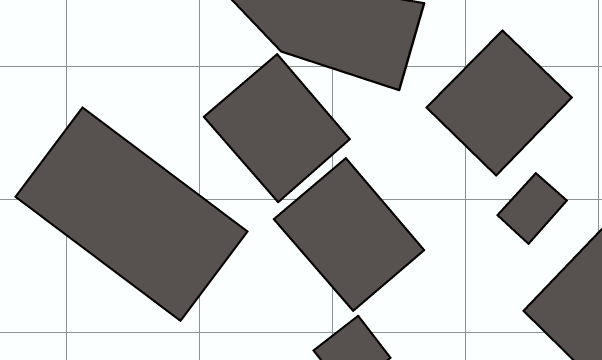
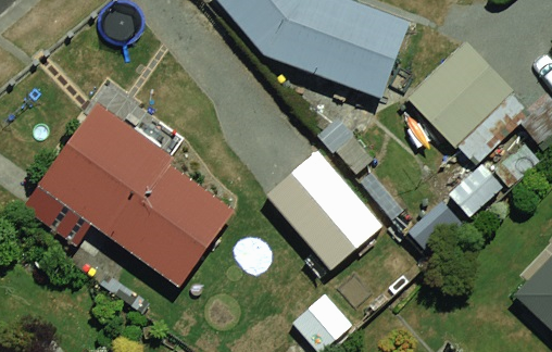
building: [204,54,350,202] -> none

